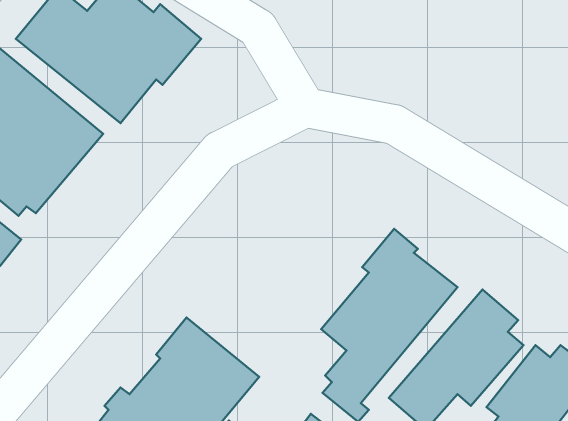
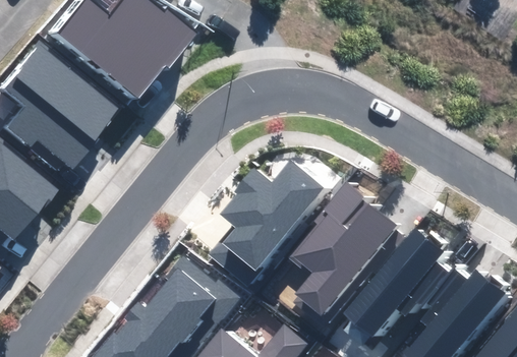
building: none -> [211,162,324,285]

